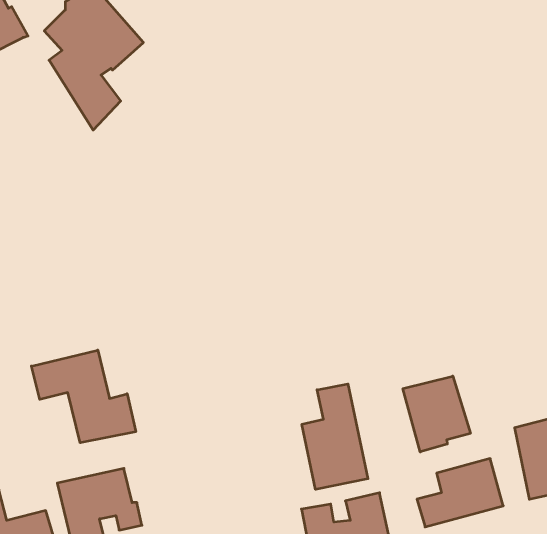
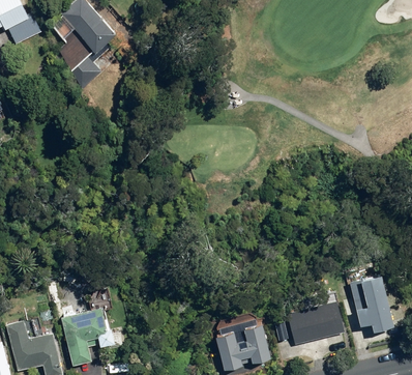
building: [31,350,136,443] -> none
building: [403,376,470,452] -> none
building: [302,384,368,489] -> none

